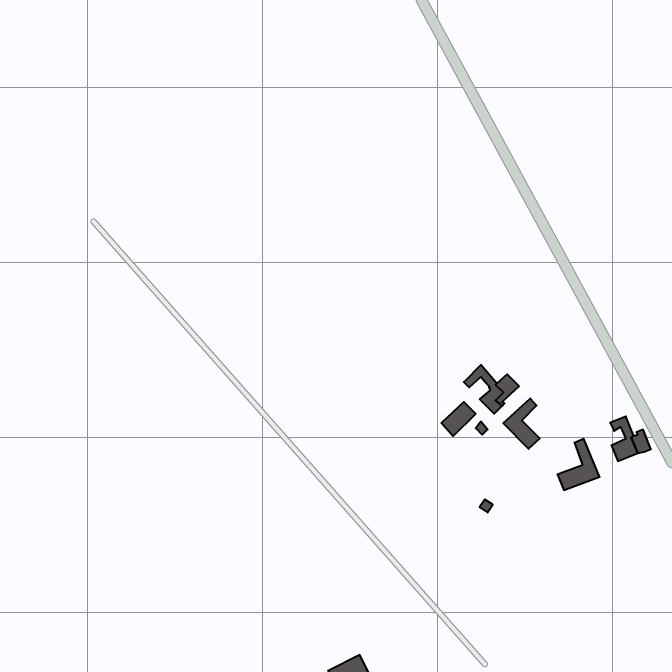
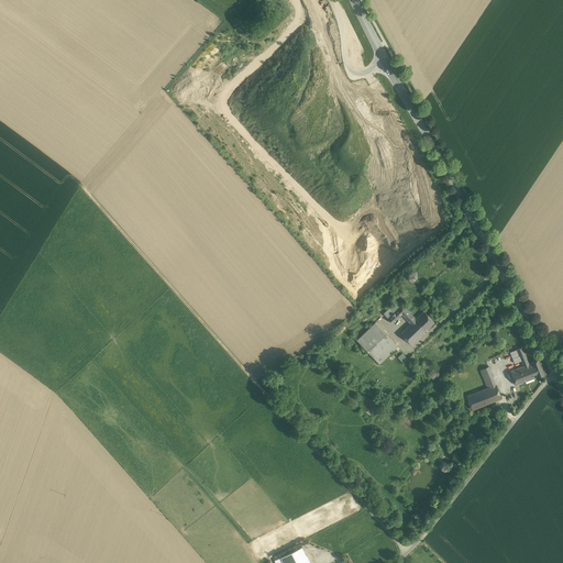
building: none -> [355,323,387,354]
building: [503,398,540,449] -> none

